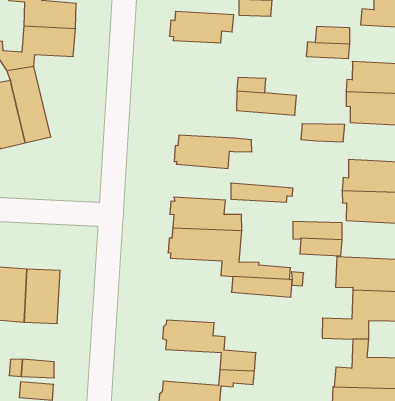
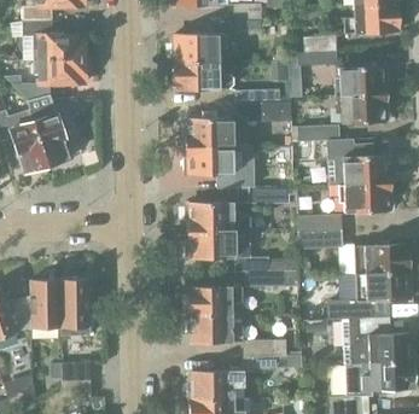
building: none -> [174,60,229,91]
building: none -> [184,118,238,147]
building: none -> [188,286,243,316]

